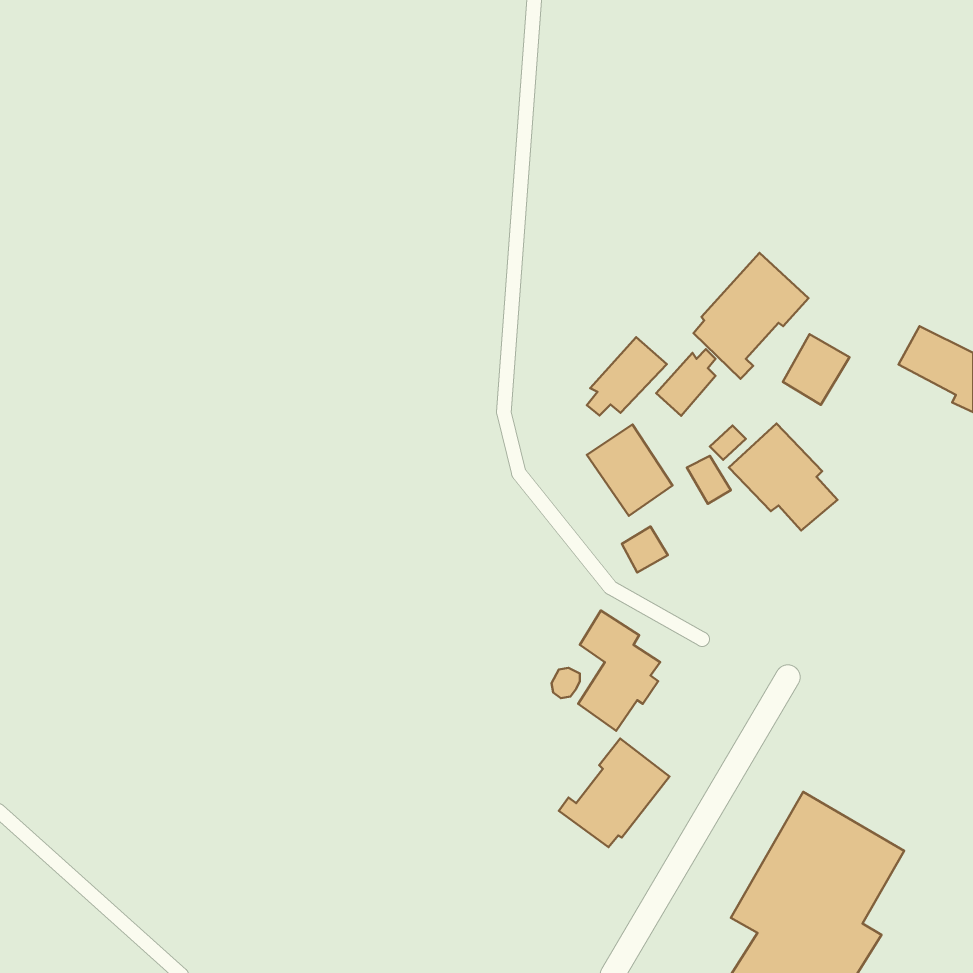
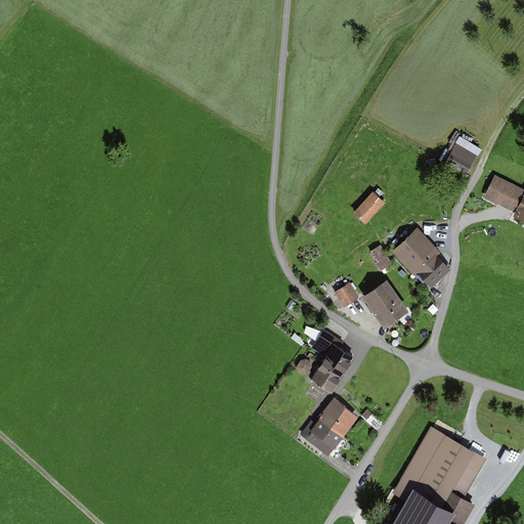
building: [693,253,809,379] -> none
building: [783,334,850,405] -> [444,137,480,175]
building: [587,337,667,415] -> none
building: [587,424,673,516] -> [362,279,408,329]

